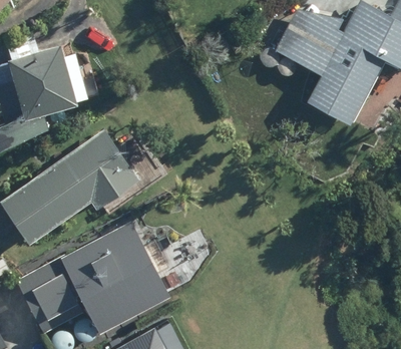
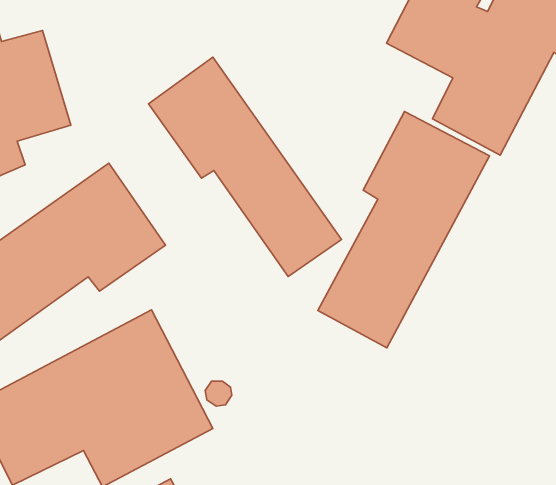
building: none -> [148,57,342,277]
building: none -> [318,111,490,348]

